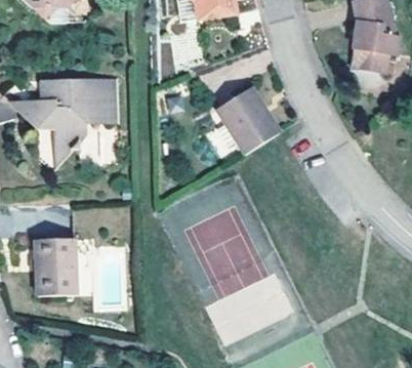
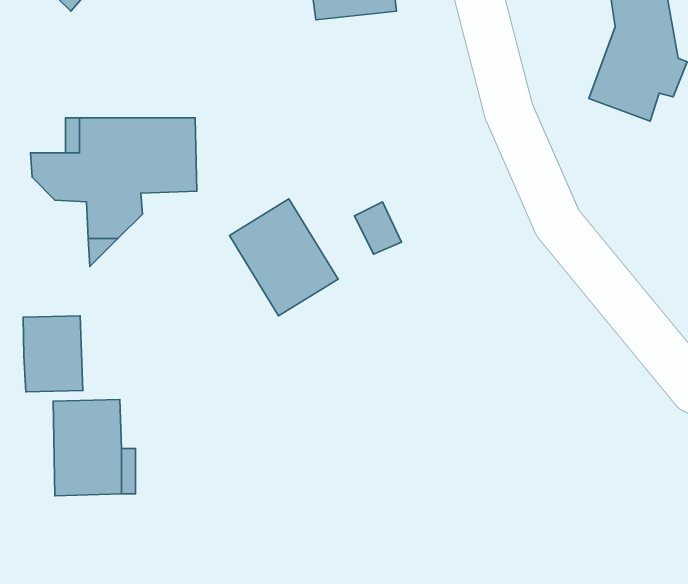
building: [220,84,284,153] -> [229,199,338,316]
building: none -> [23,316,83,392]

